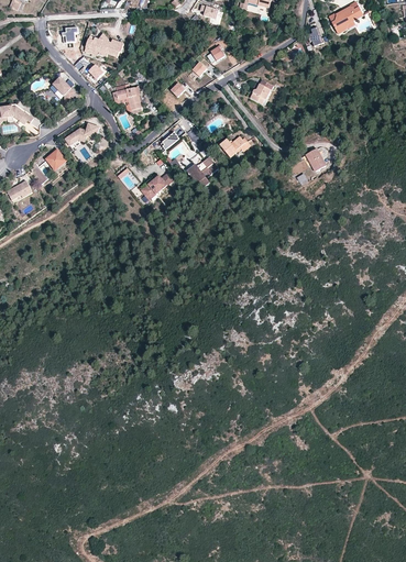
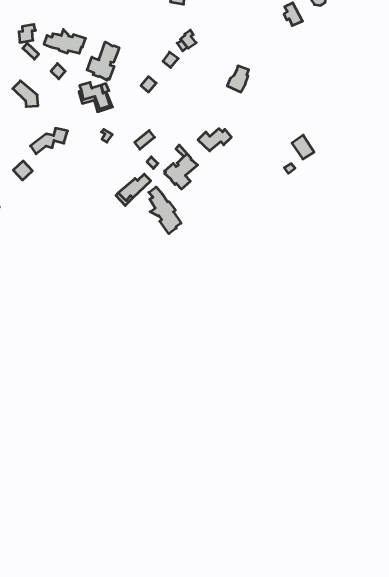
building: none -> [87,42,119,80]
building: none -> [149,187,181,234]

